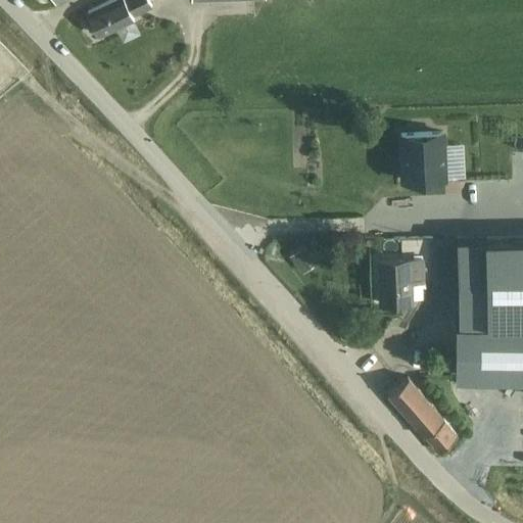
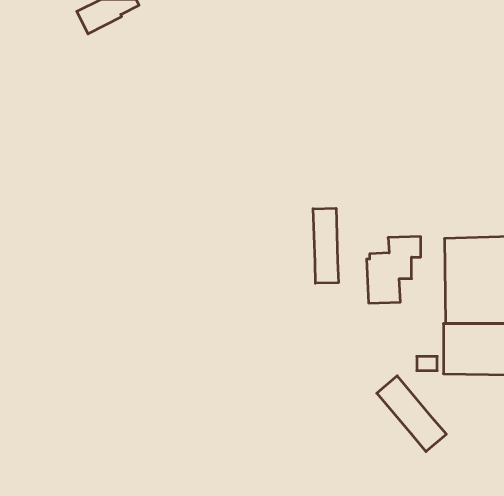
building: [401,137,445,185] -> none
building: none -> [313,208,338,283]

